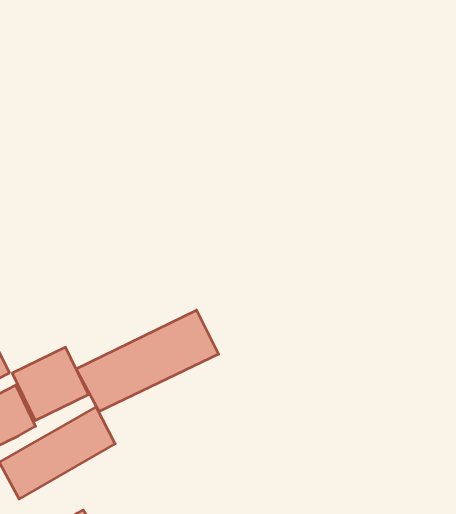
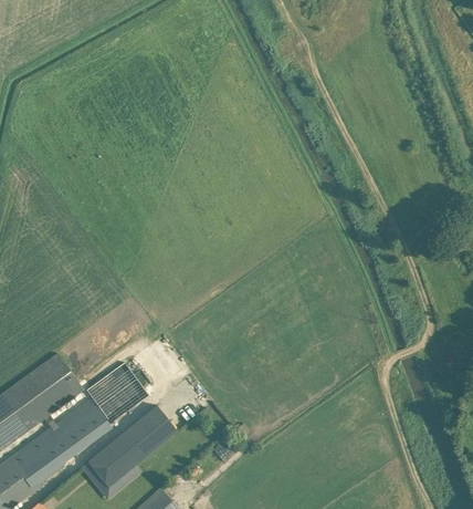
building: [76,310,219,411] -> none

